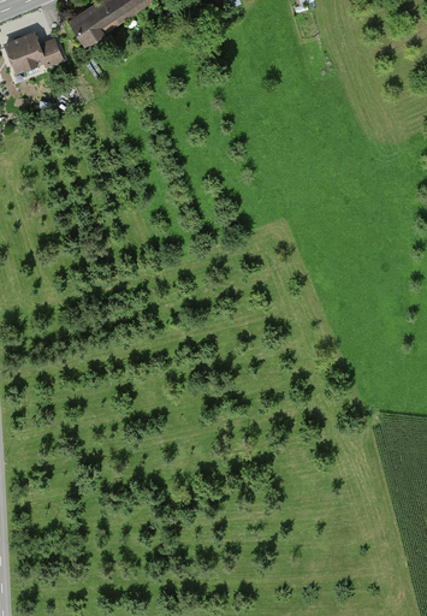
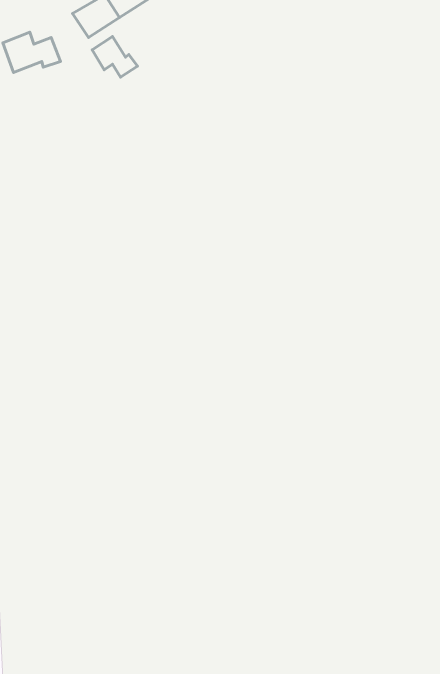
building: none -> [92,37,138,77]

